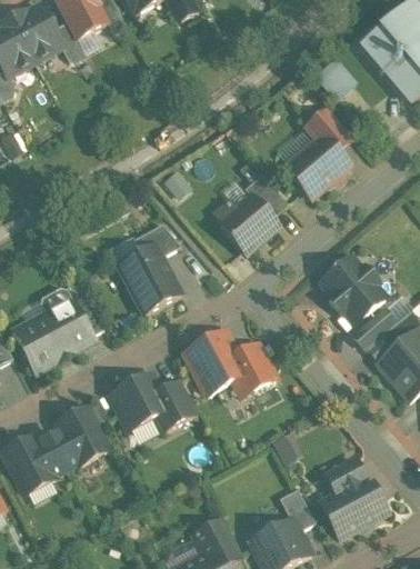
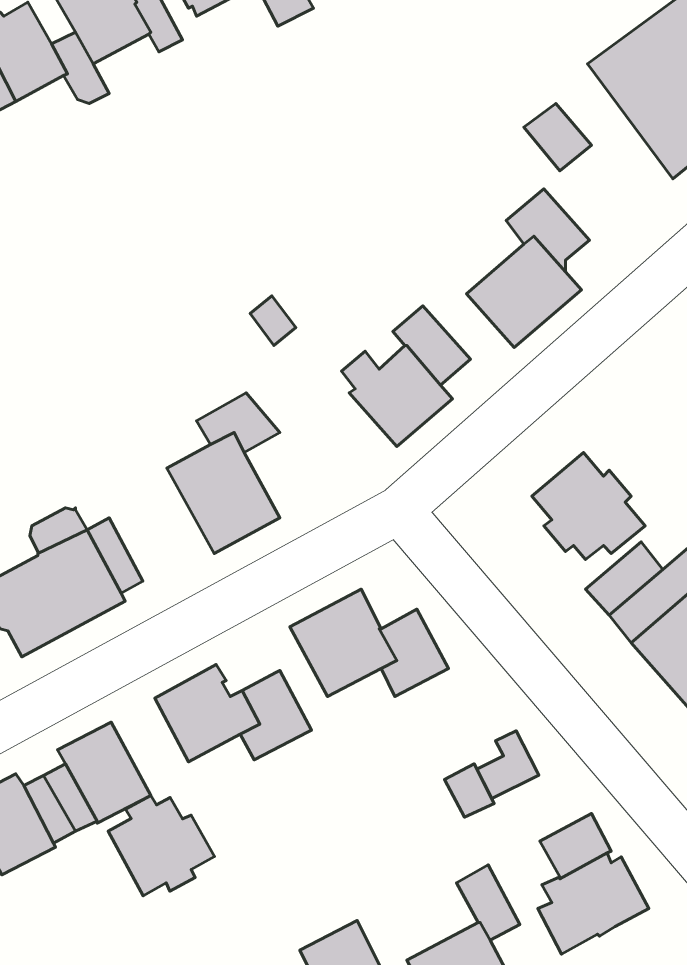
building: none -> [477,731,539,798]
building: none -> [108,795,214,896]

